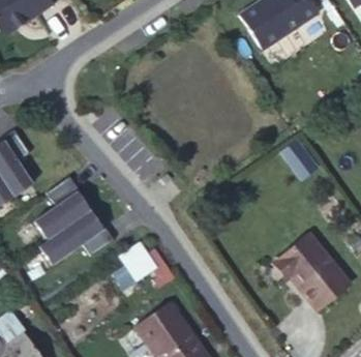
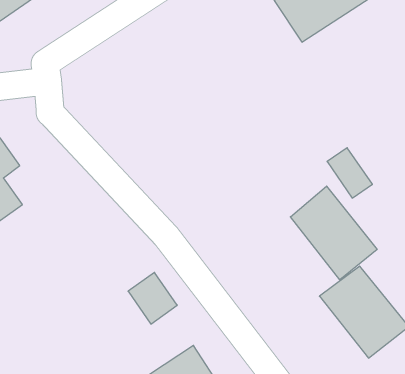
building: none -> [290,186,377,280]
building: [33,175,114,263] -> none

